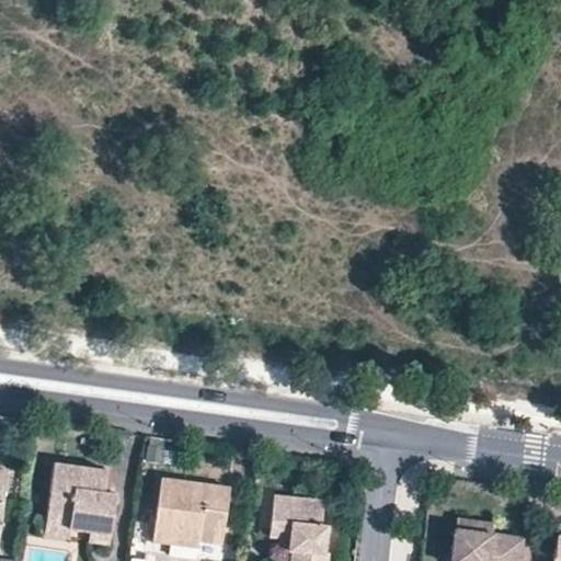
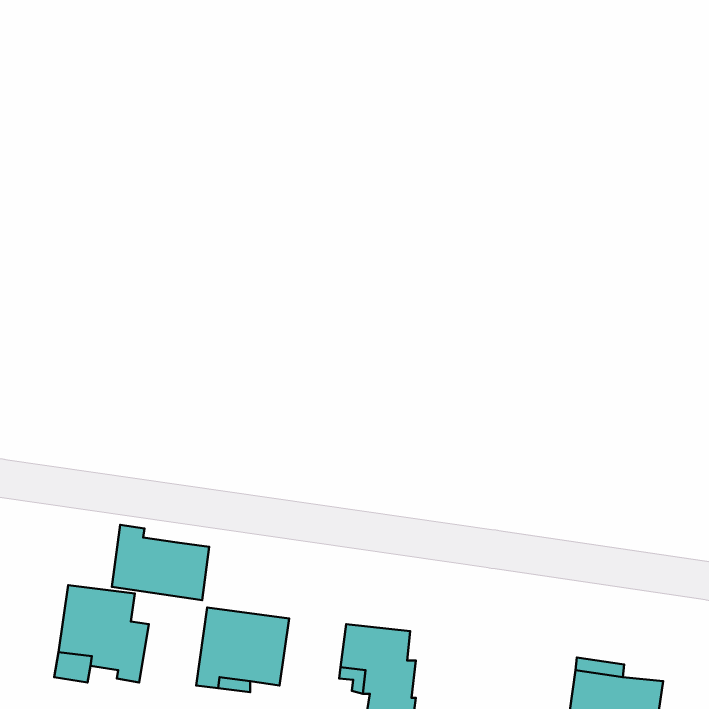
building: none -> [112,525,209,600]

